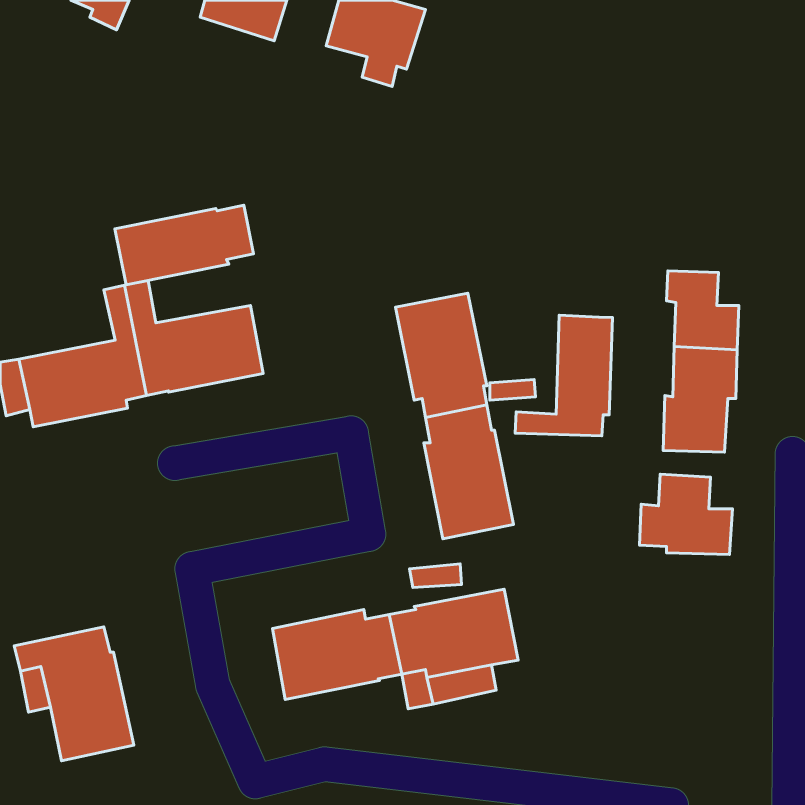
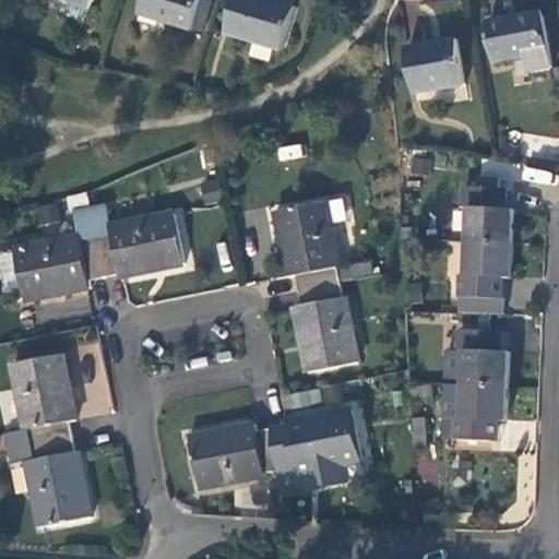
building: none -> [486,13,547,72]
building: none -> [403,38,462,92]
building: [115,205,253,285] -> none
building: [515,315,612,436] -> none
building: none -> [7,354,75,448]
building: none -> [445,382,506,439]

